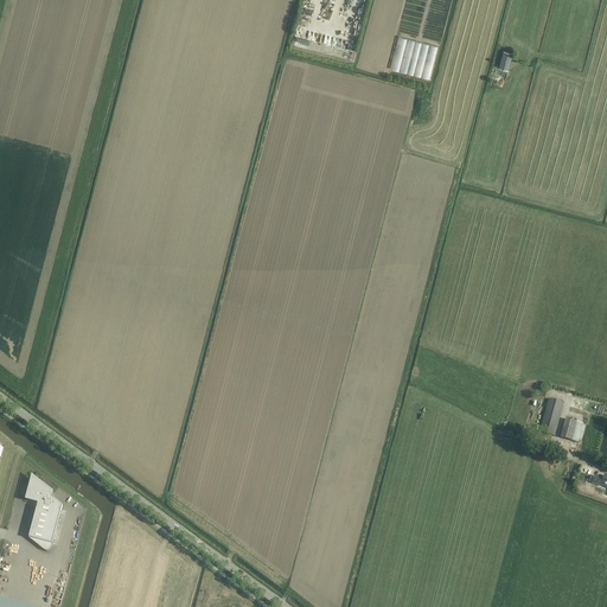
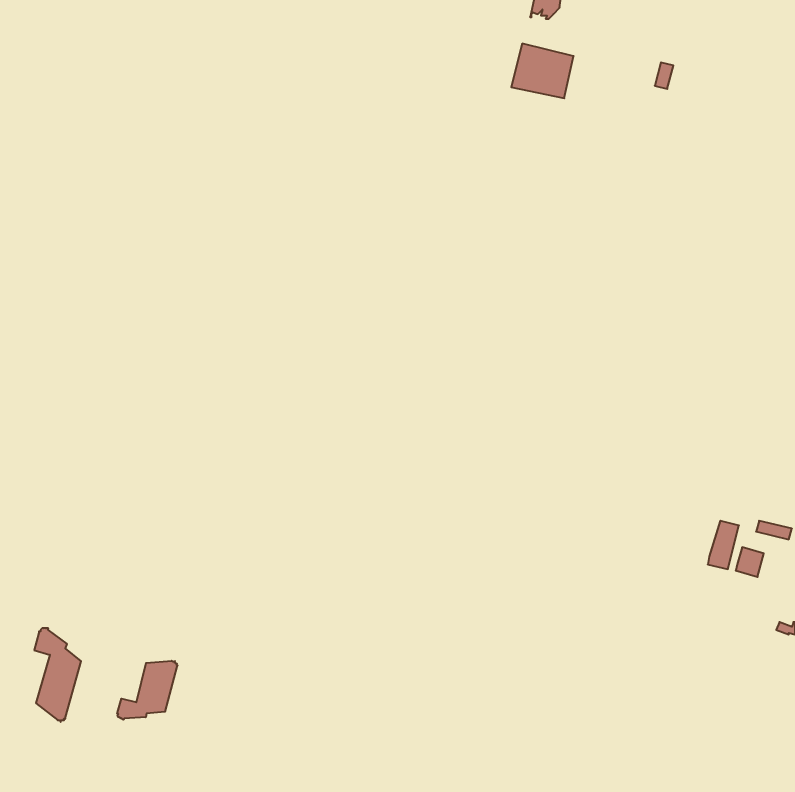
building: none -> [117,661,178,720]

